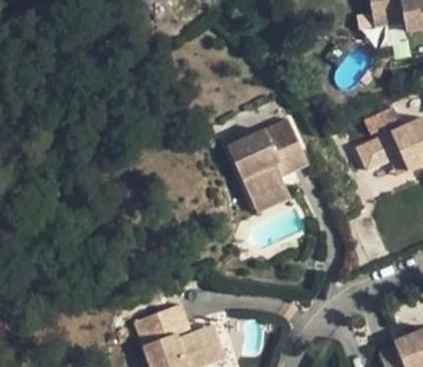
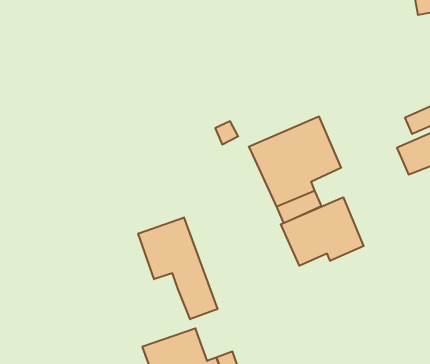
building: none -> [281,197,364,266]
building: none -> [138,217,217,319]

